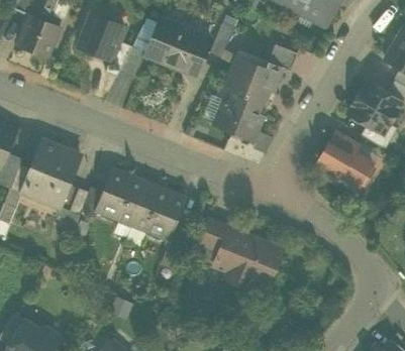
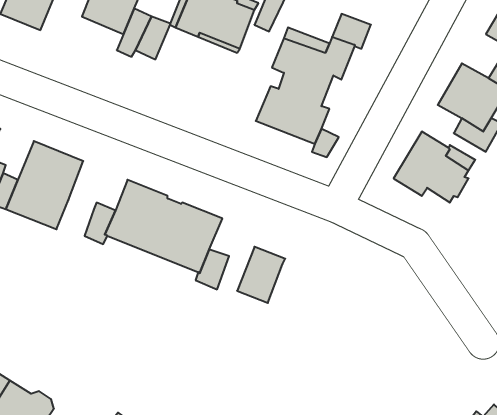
building: [60,186,88,216] -> none
building: [217,234,277,285] -> none

